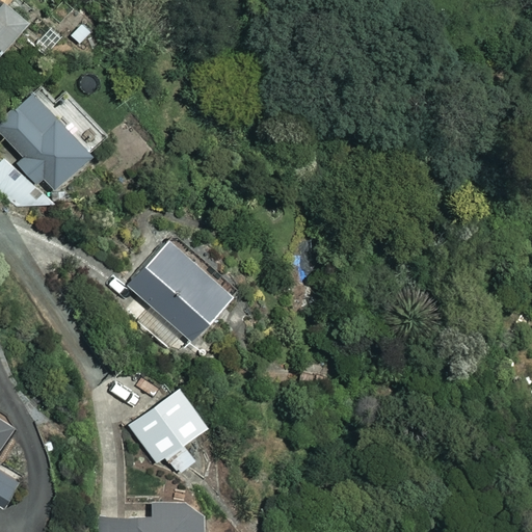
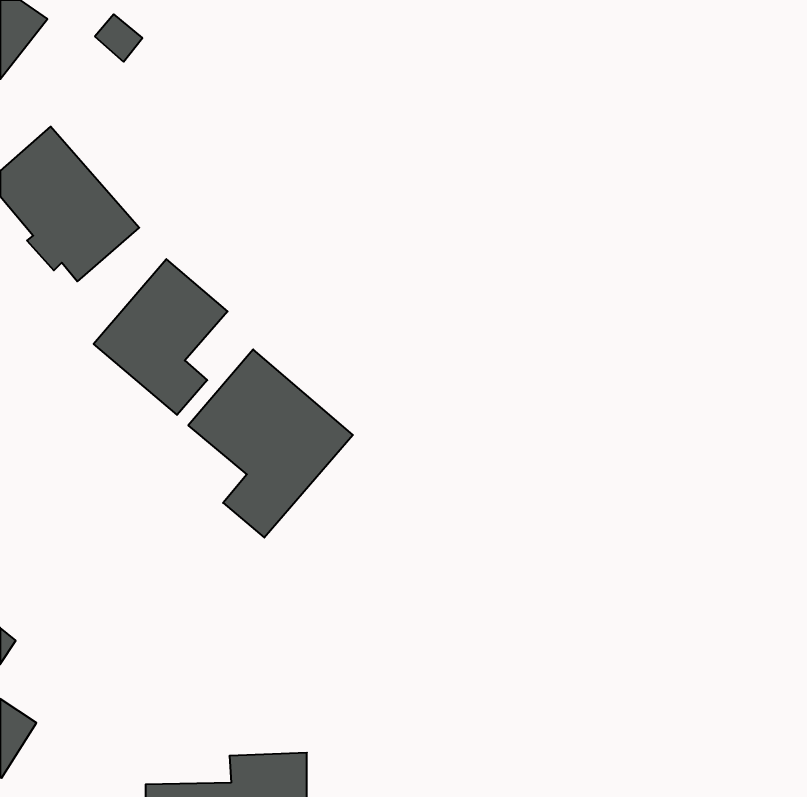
building: none -> [94,259,228,415]
building: [127,387,209,476] -> none

